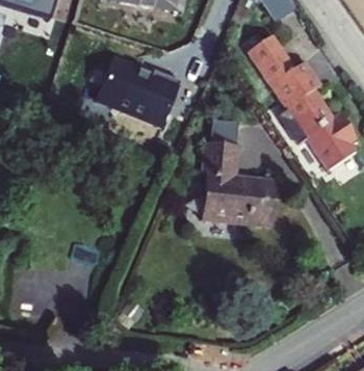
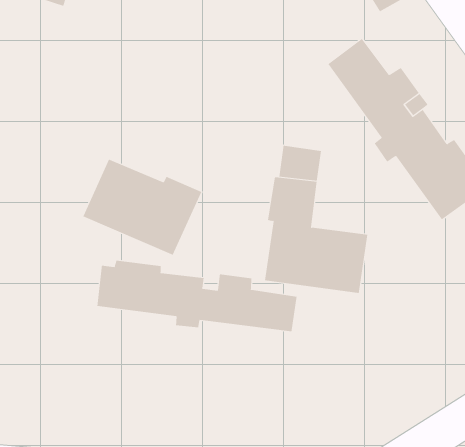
building: [97,56,183,126] -> [82,159,202,255]
building: none -> [97,260,297,332]

